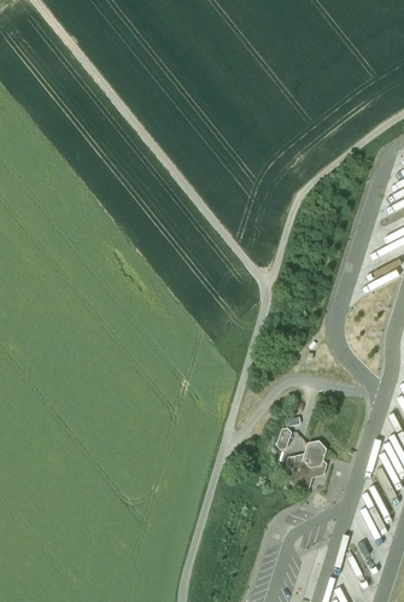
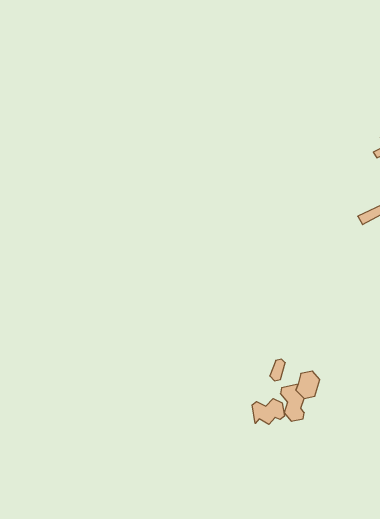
building: none -> [252,399,285,424]

